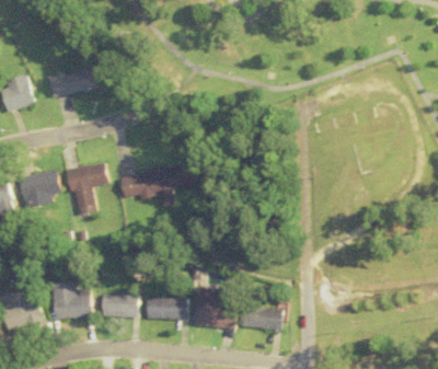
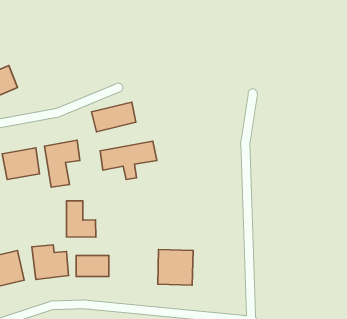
building: [46,66,96,100] -> [92,102,136,132]
building: none -> [67,201,96,237]
building: [146,299,186,320] -> none
building: [242,309,280,328] -> none

